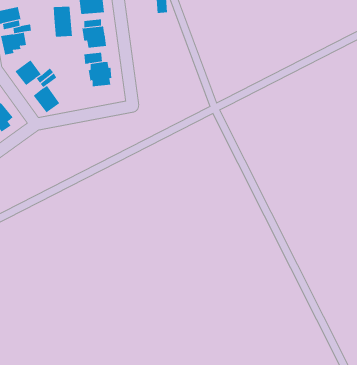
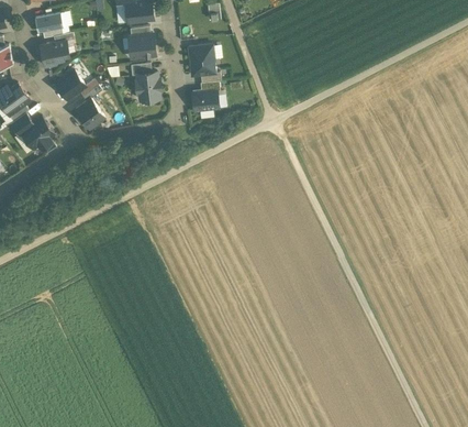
building: [53,6,72,37] -> none
building: none -> [188,43,218,75]
building: none -> [191,88,220,109]

